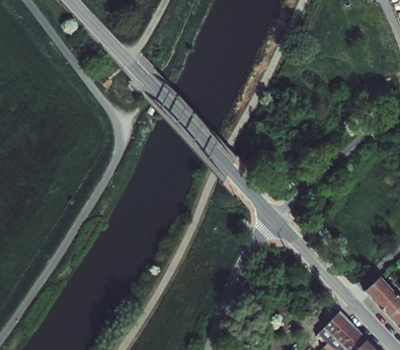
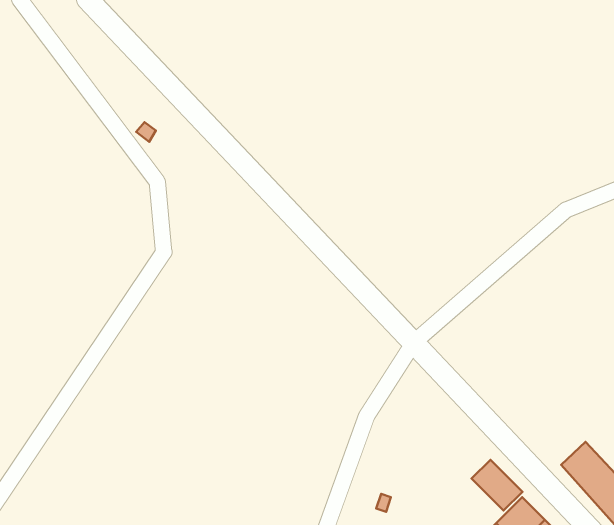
building: none -> [472,460,522,511]

